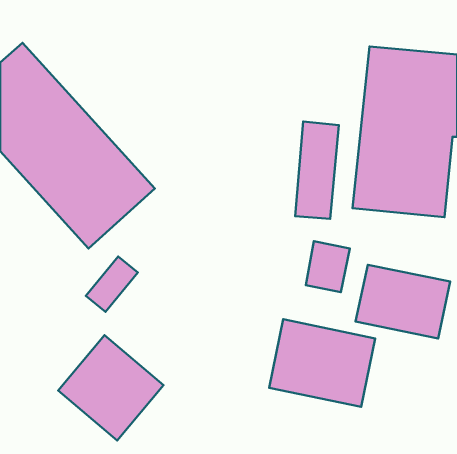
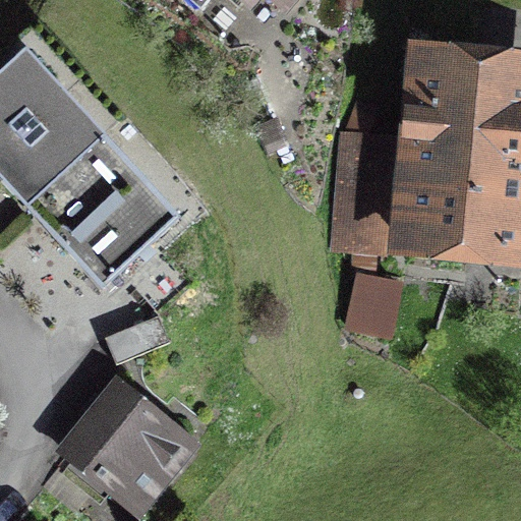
building: [356,265,450,338] -> none
building: [269,319,375,407] -> none

